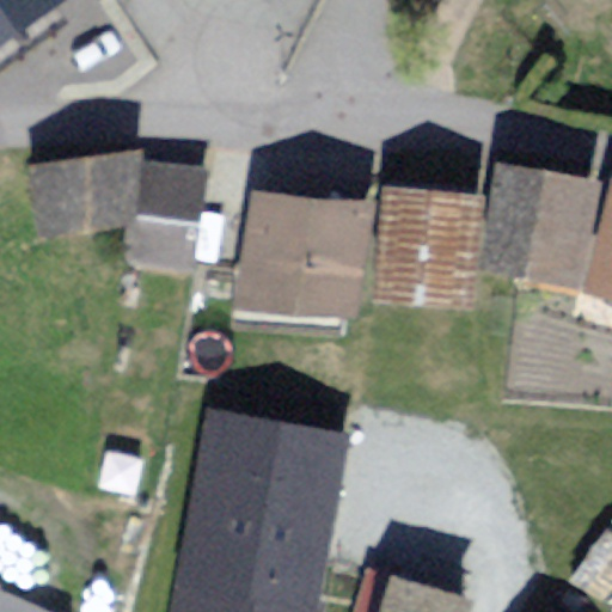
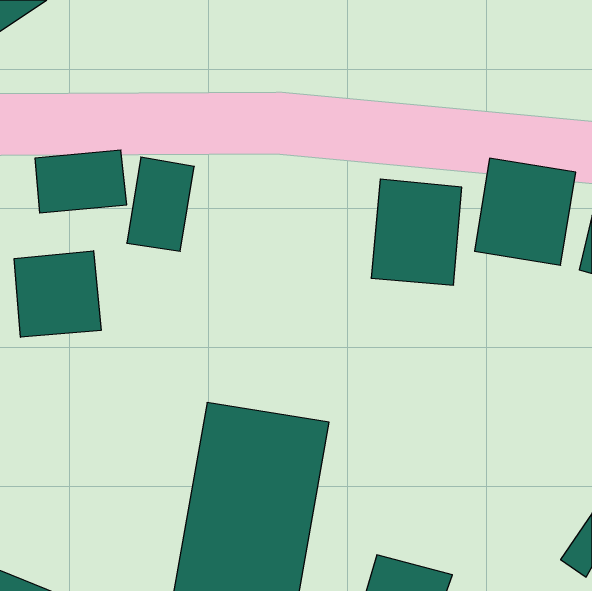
building: [245,196,360,307] -> none
building: none -> [14,251,101,337]

